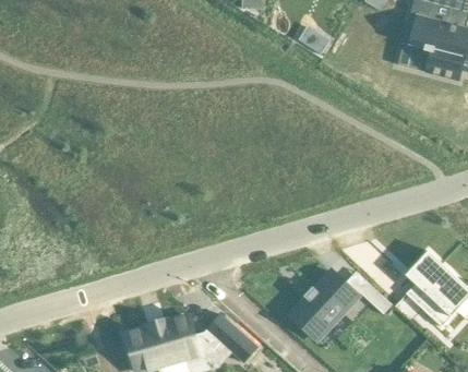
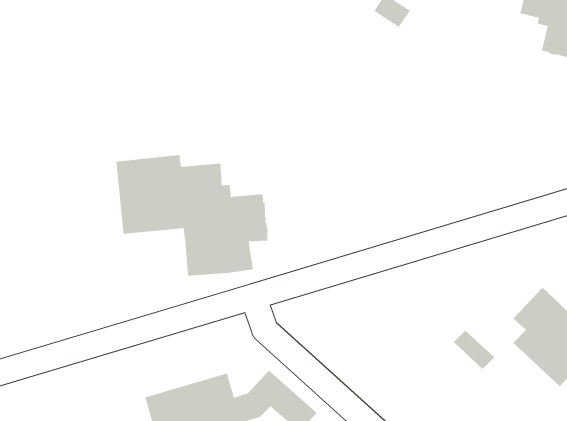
building: none -> [116,154,270,277]
building: [289,272,357,340] -> none

